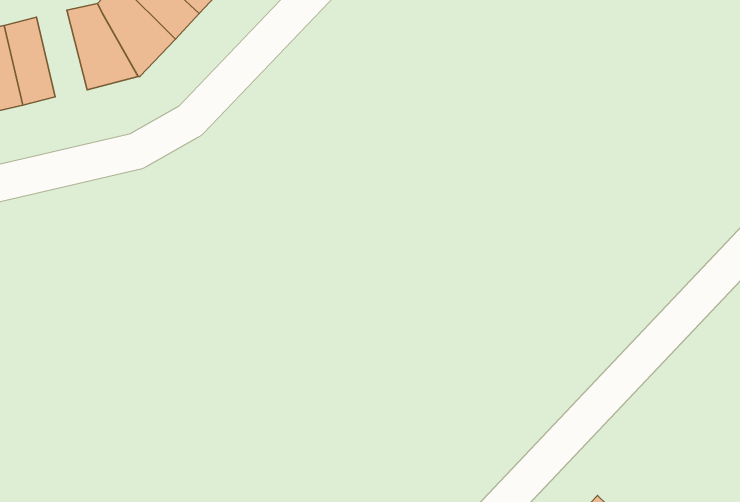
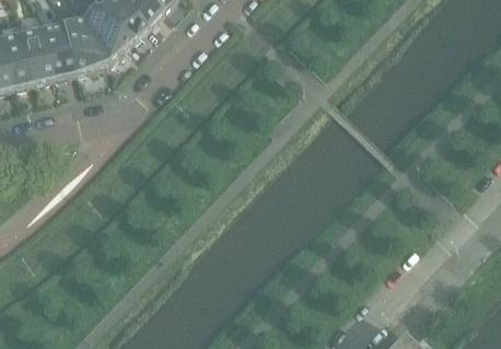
building: none -> [43,22,75,78]

